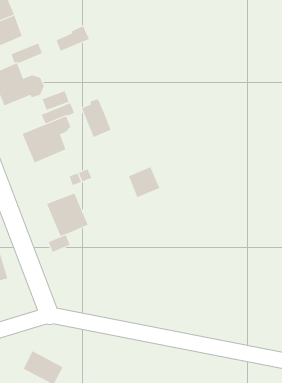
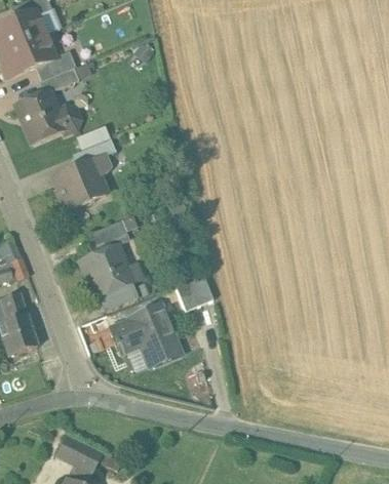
building: [56,25,90,51] -> [36,49,76,80]
building: [81,99,111,138] -> none
building: [128,167,160,198] -> [176,273,213,310]
building: none -> [111,304,181,365]

